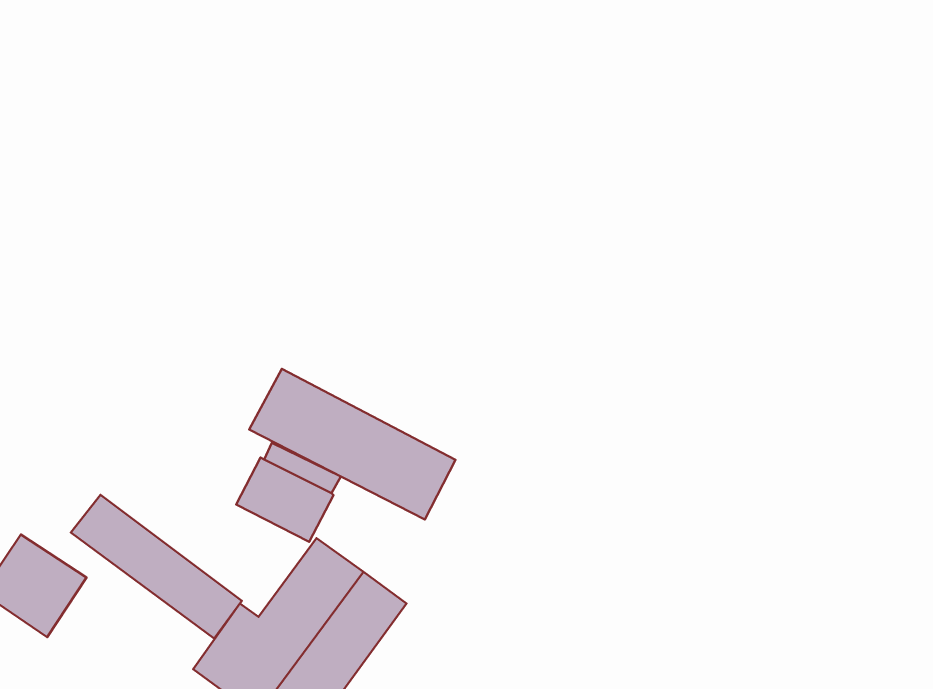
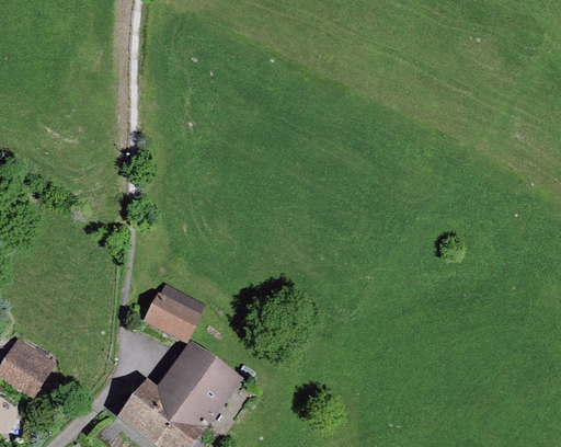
building: [249,369,455,519] -> none
building: [71,495,242,638] -> none

